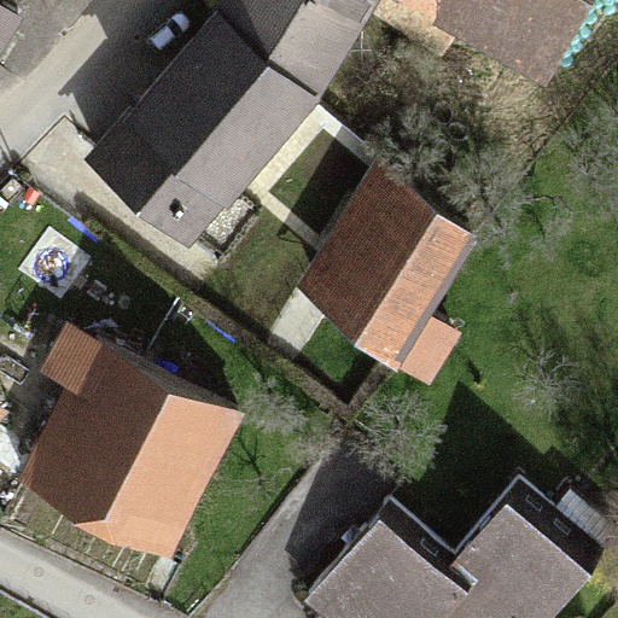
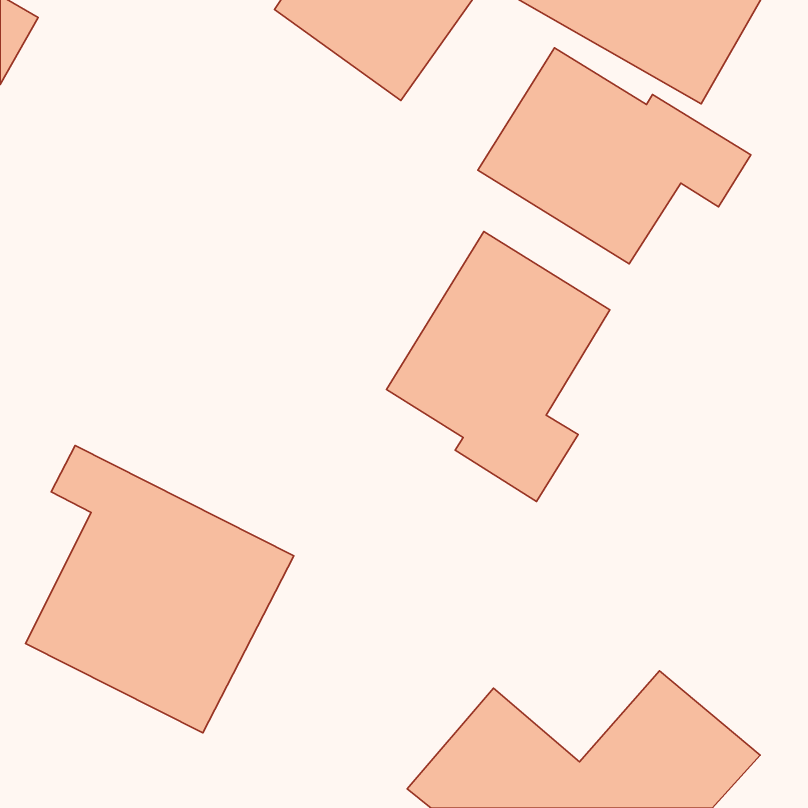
building: [91,24,301,235] -> none
building: none -> [478,48,751,264]

